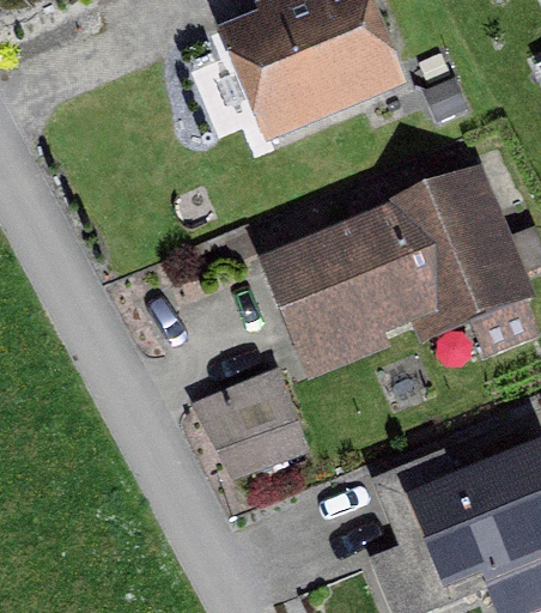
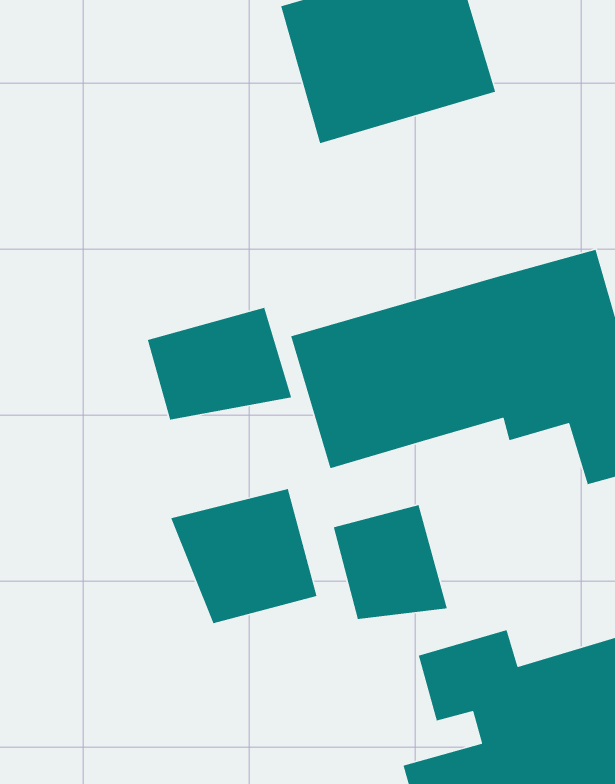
building: none -> [147,307,292,421]
building: none -> [333,504,448,620]

